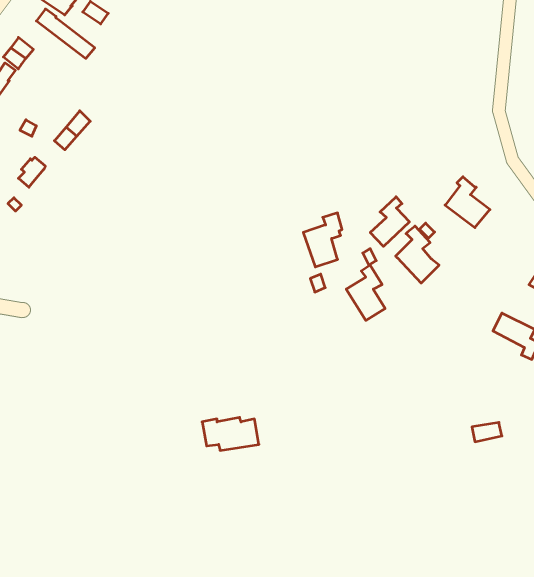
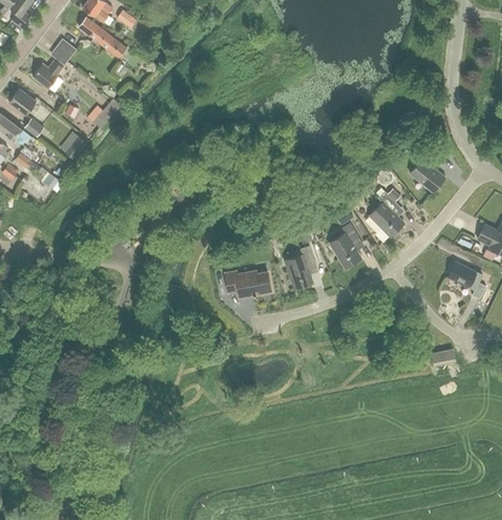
building: [370,197,409,246] -> none
building: [303,213,342,267] -> [284,244,316,288]
building: [202,417,259,450] -> [225,270,271,296]

